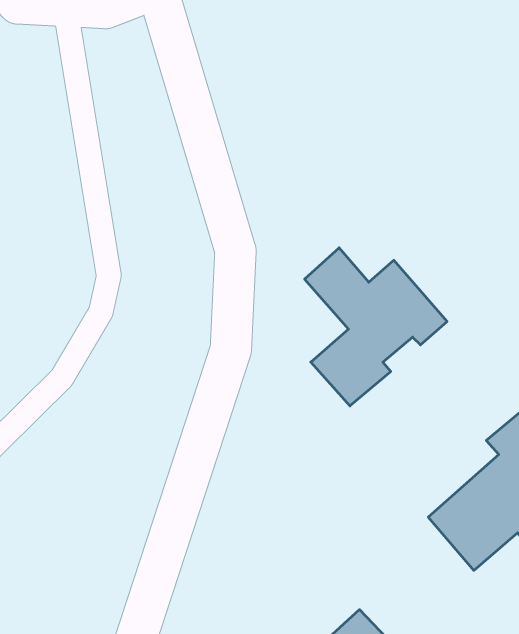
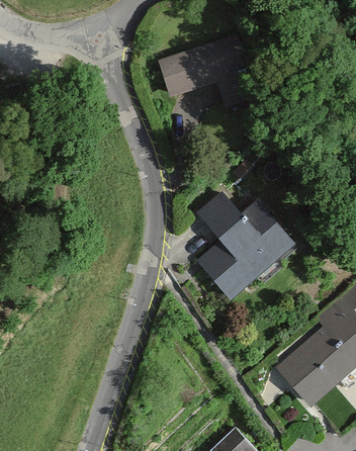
building: none -> [160,37,252,102]

